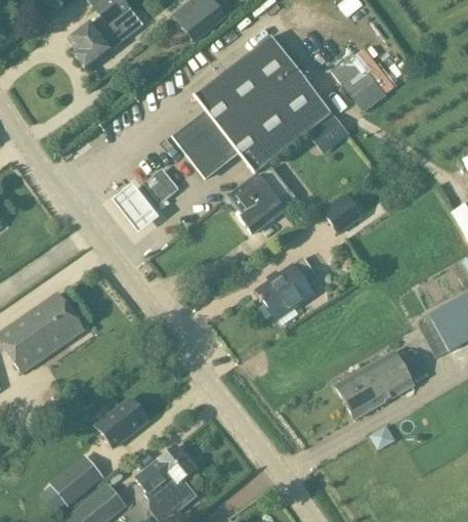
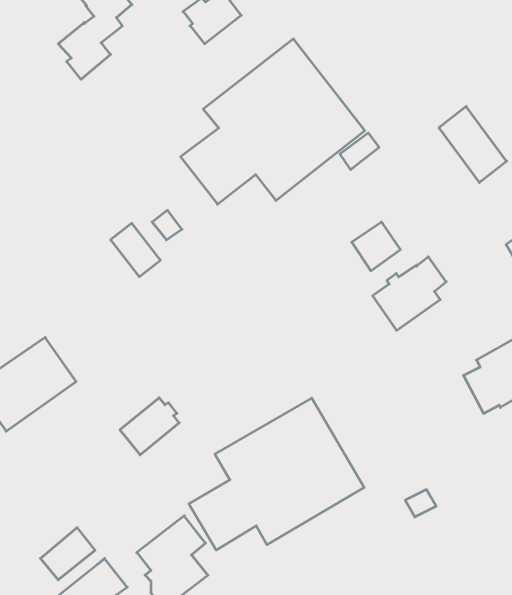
building: [331,51,389,117] -> [439,106,507,183]
building: [229,166,291,231] -> none
building: [256,256,320,319] -> [373,257,446,330]
building: none -> [189,398,364,550]
building: [335,347,429,419] -> none
building: [96,397,147,446] -> [120,398,179,455]

